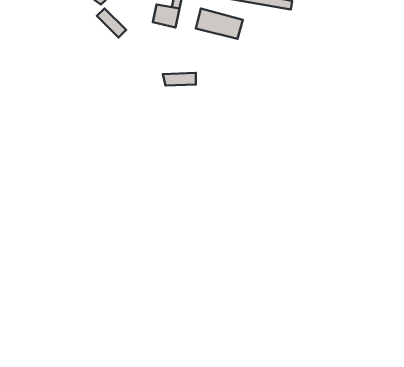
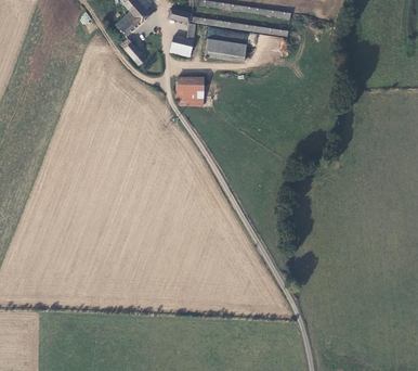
building: none -> [178,77,207,94]

